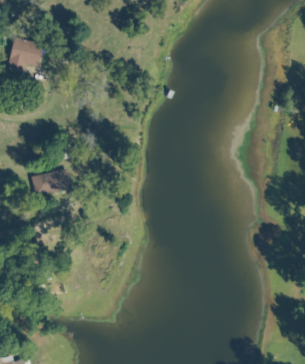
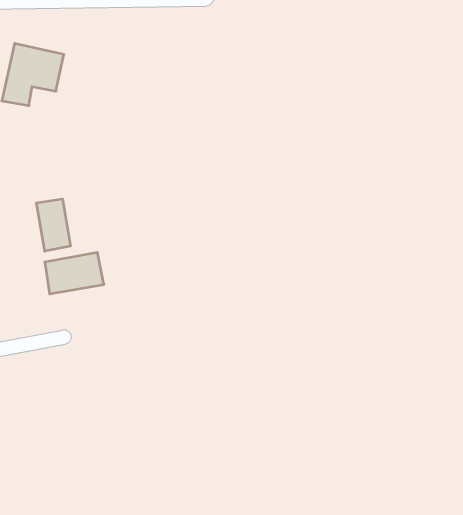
building: none -> [36,199,70,251]

